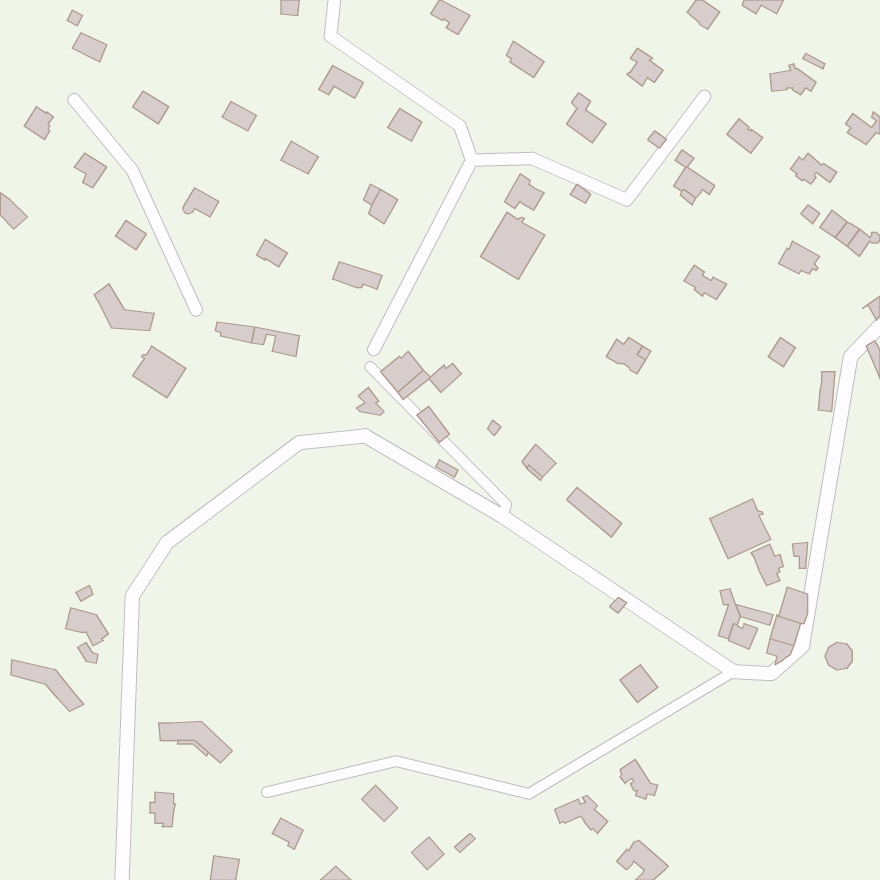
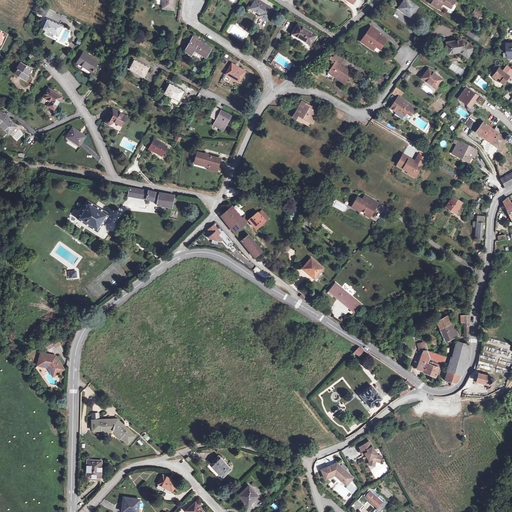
building: [480,212,545,279] -> none
building: [94,284,154,331] -> none
building: [710,499,771,559] -> none
building: [11,660,84,712] -> none

